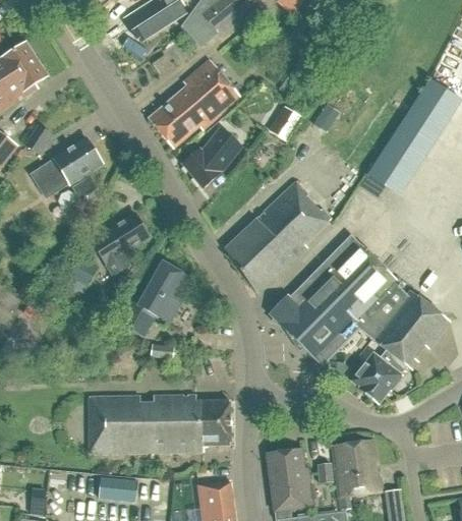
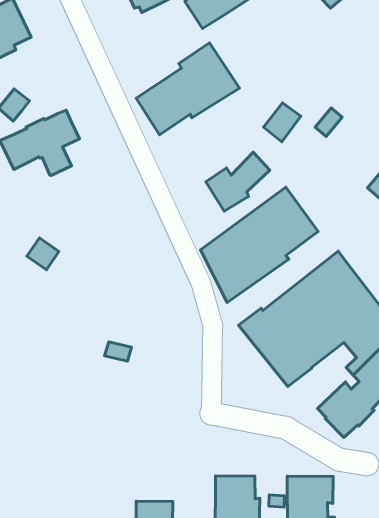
building: [182,130,239,187] -> [206,152,270,211]
building: [93,213,150,276] -> none
building: [118,263,192,335] -> none
building: [88,394,229,452] -> none
building: [98,475,136,501] -> none

